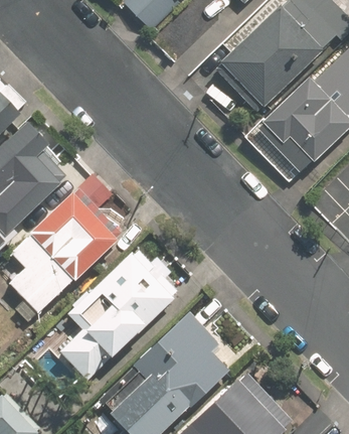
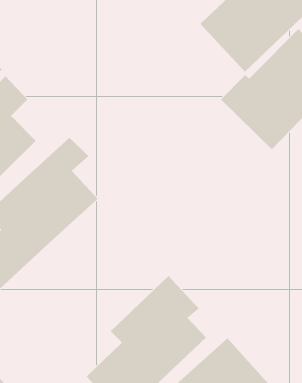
building: [56,248,176,382] -> none

